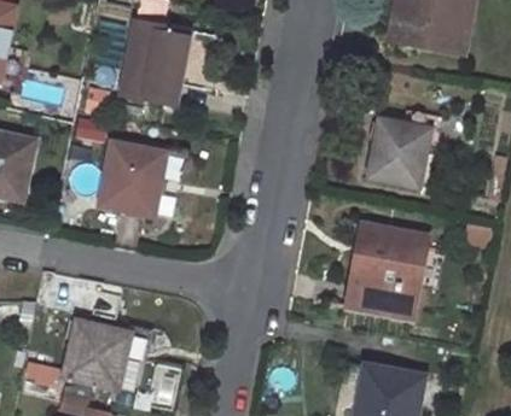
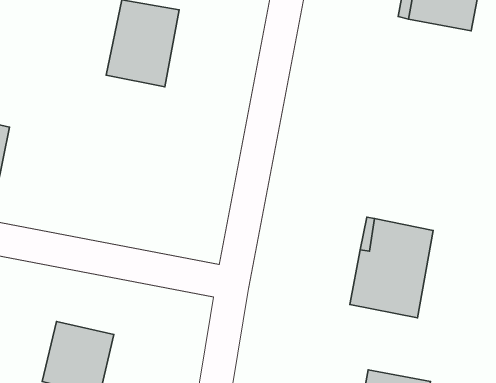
building: [371,121,430,184] -> none
building: [101,142,166,215] -> none

